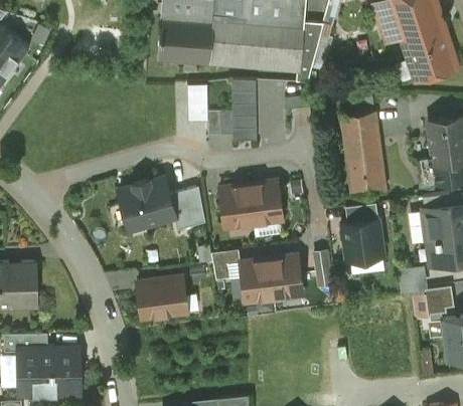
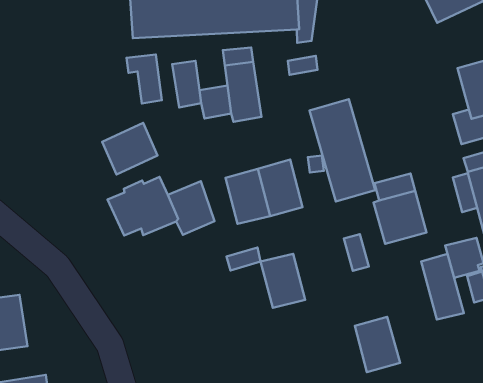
building: none -> [127,54,162,103]
building: [339,112,385,196] -> [310,99,375,201]
building: none -> [102,123,158,174]
building: [268,254,302,298] -> [355,317,400,372]
building: none -> [421,254,464,319]
building: [137,276,186,318] -> none

